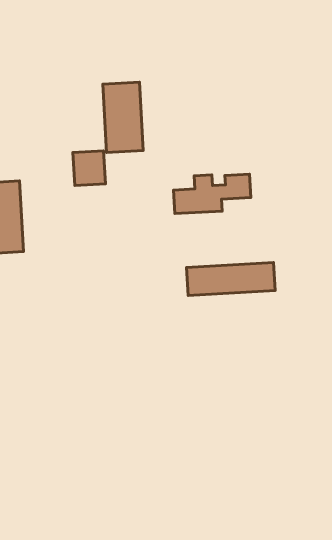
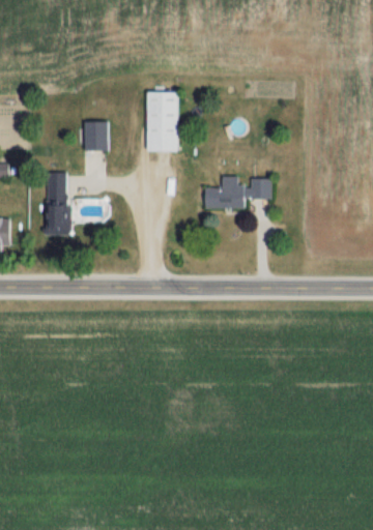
building: [73,151,105,186] -> [83,121,110,150]
building: [187,263,275,295] -> none

